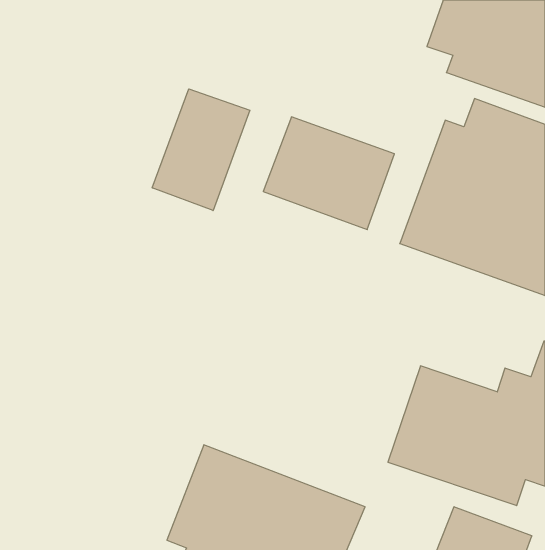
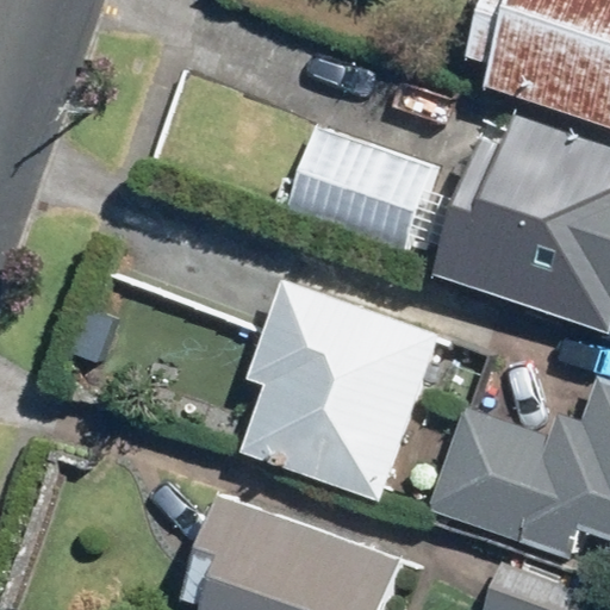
building: [152,89,250,211] -> none
building: none -> [244,278,441,503]

